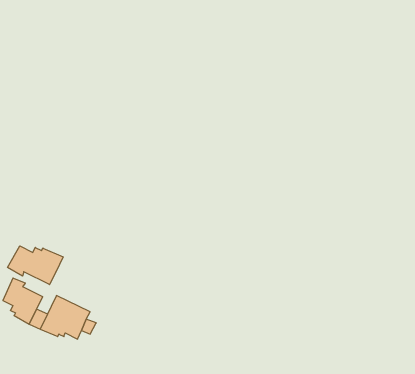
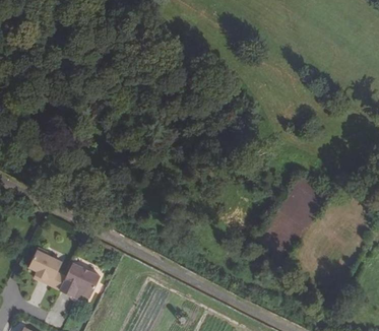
building: [8,246,63,285] -> none

